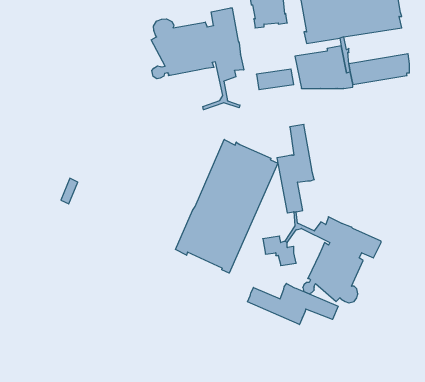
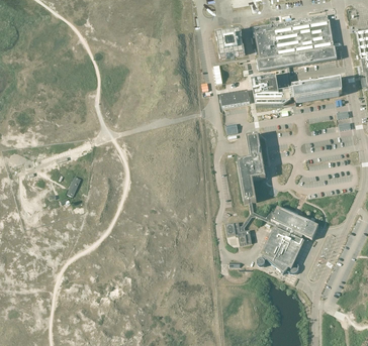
building: [151,8,244,110] -> none
building: [176,139,278,273] -> none
building: [247,283,338,325] -> none

